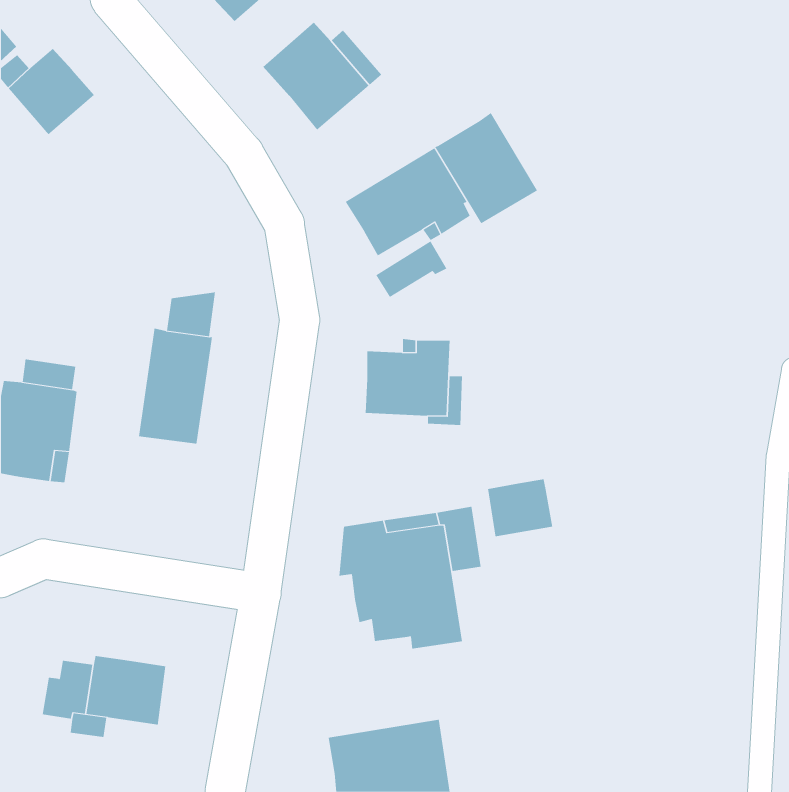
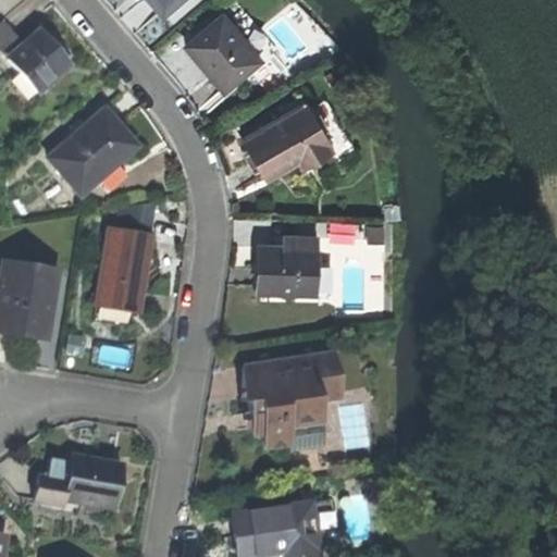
building: [434,112,538,224] -> none
building: none -> [50,112,137,197]
building: [375,241,447,298] -> none
building: [488,478,553,537] -> none

